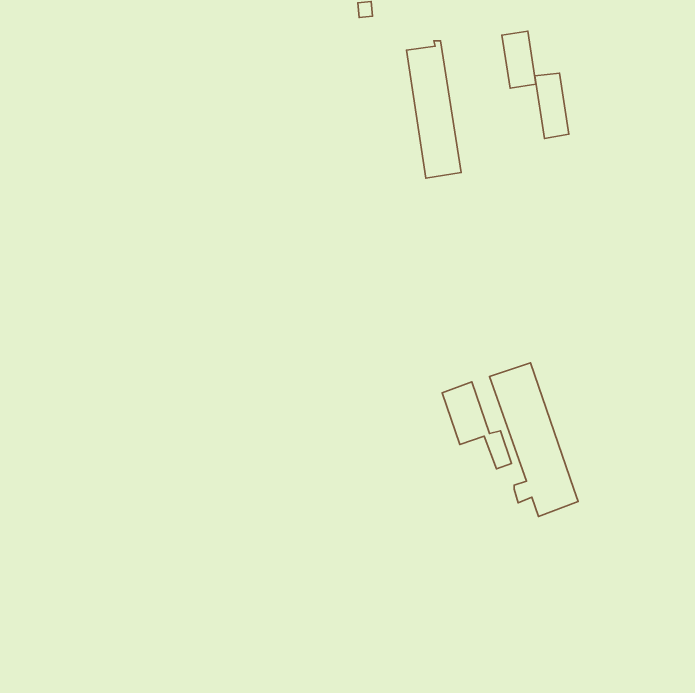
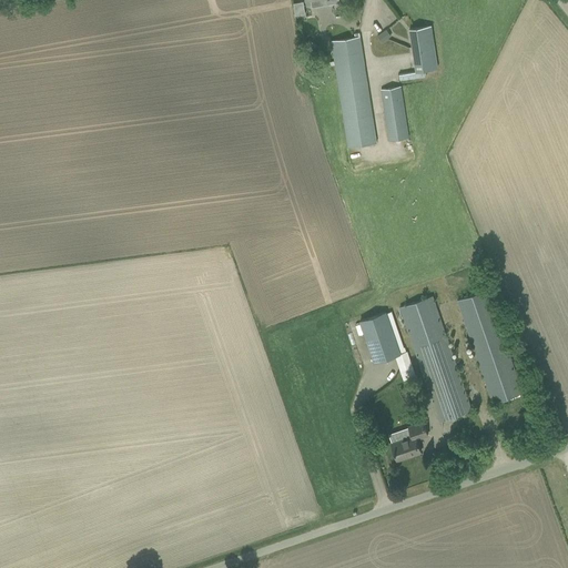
building: [535,73,569,138] -> [381,89,408,142]
building: none -> [457,291,523,404]
building: none -> [390,422,428,462]

